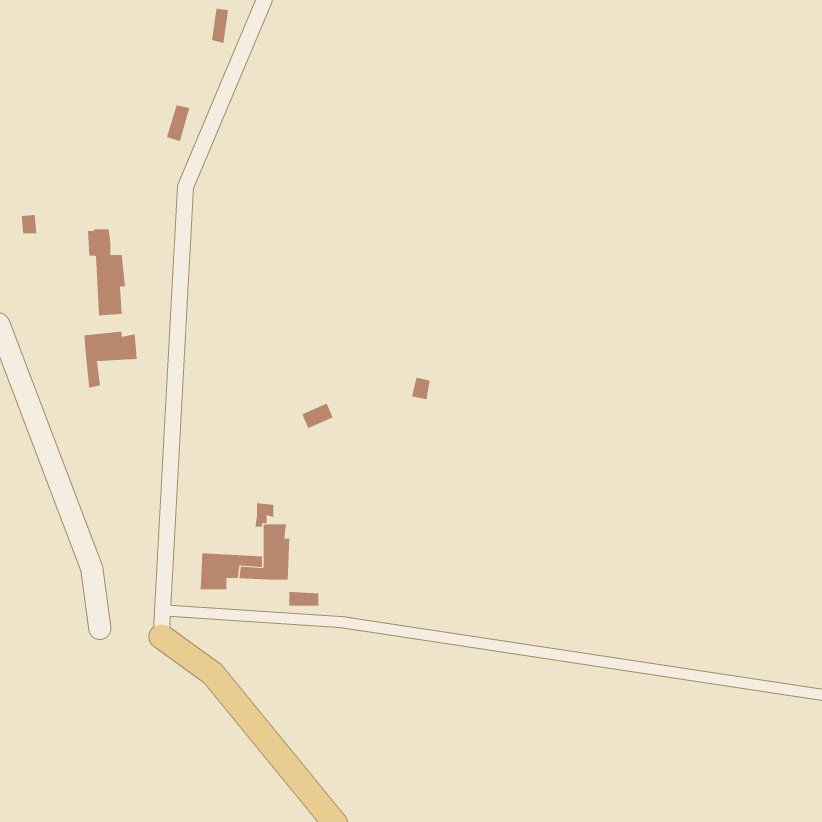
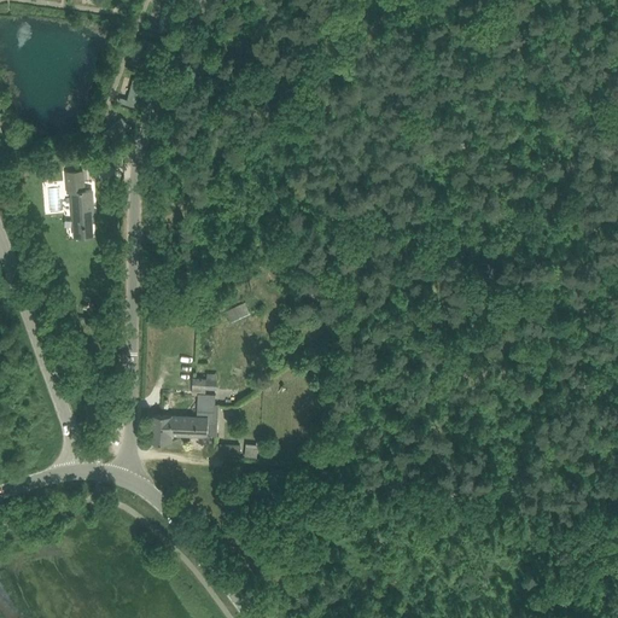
building: [84,331,137,388] -> none

